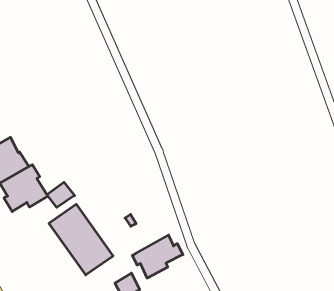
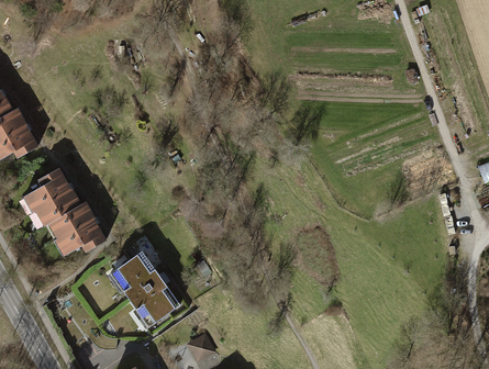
building: [47,182,75,207] -> none
building: [132,235,183,278] -> none

